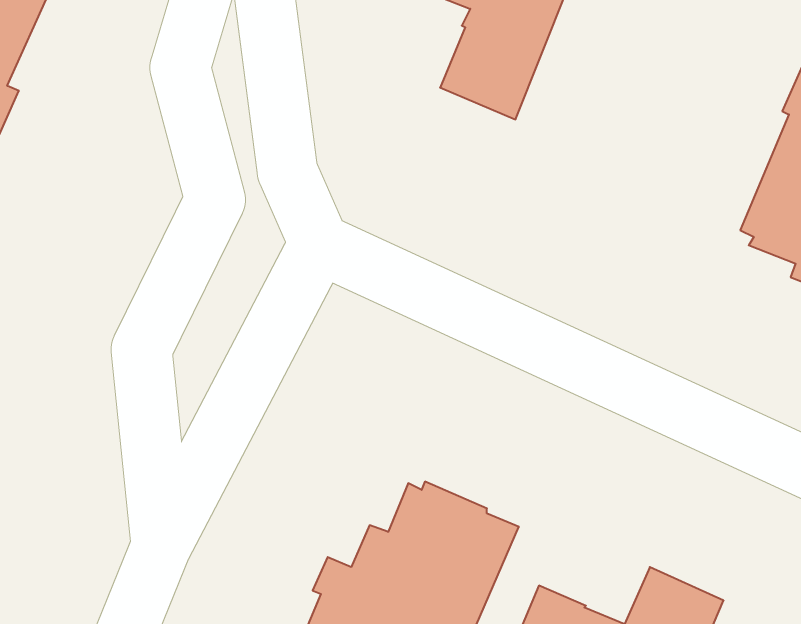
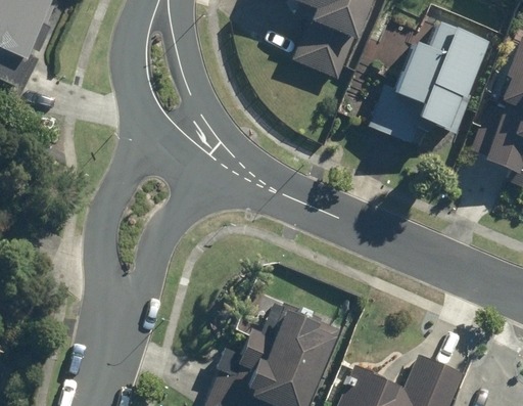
building: none -> [373,21,482,143]

